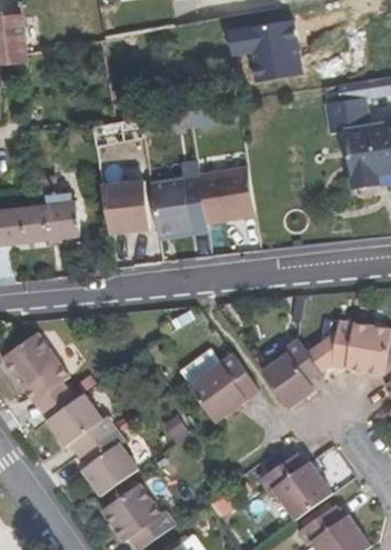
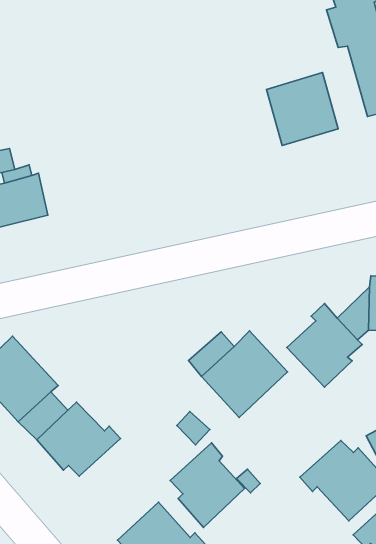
building: [198,167,252,222] -> [267,73,338,145]
building: [150,180,190,232] -> none
building: [100,181,148,233] -> none
building: [77,427,137,496] -> [170,443,244,528]

